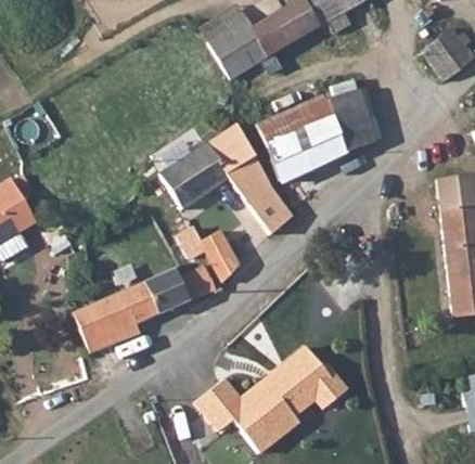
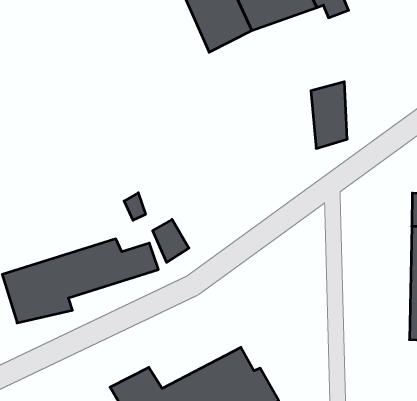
building: [261,101,343,182] -> none
building: [158,124,290,235] -> none

